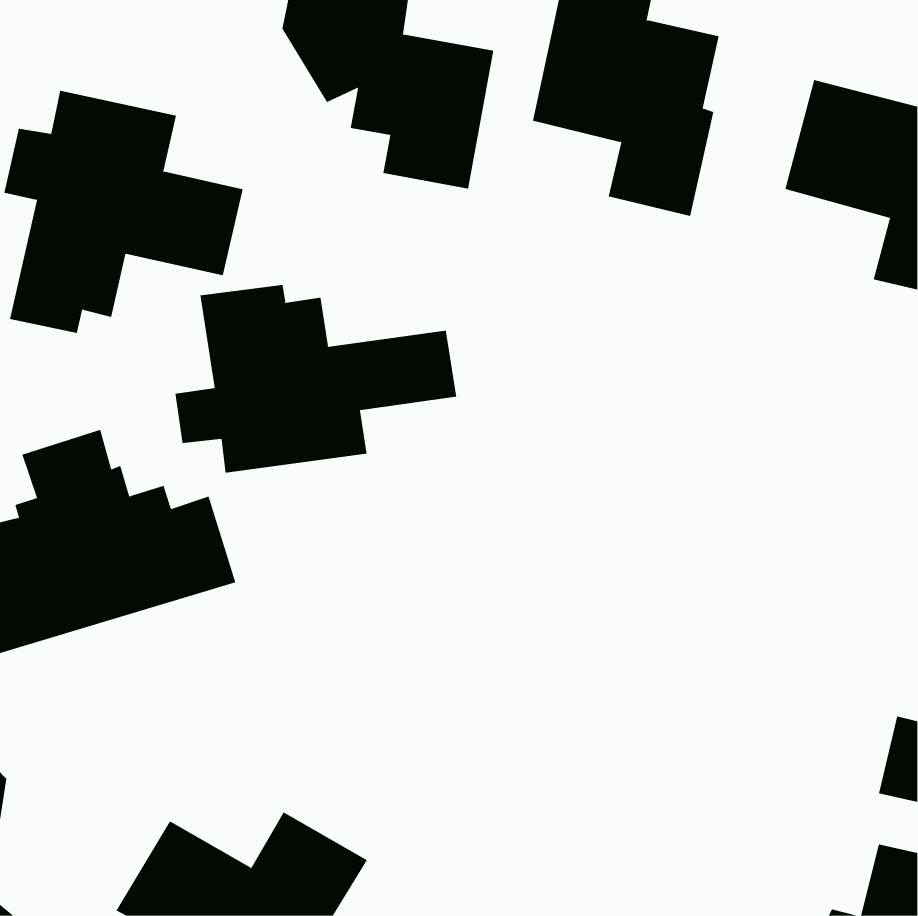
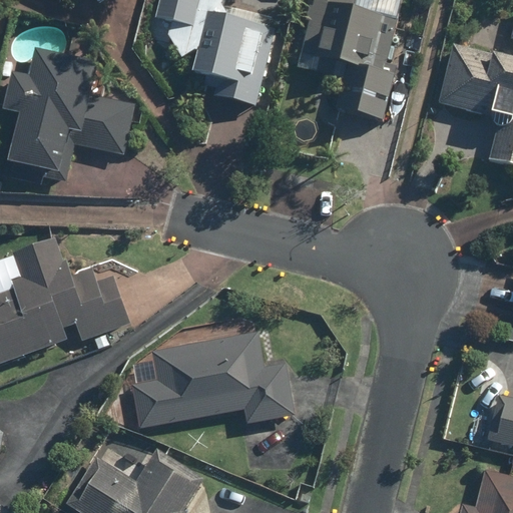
building: [175,284,457,473] -> none
building: none -> [131,335,295,426]

